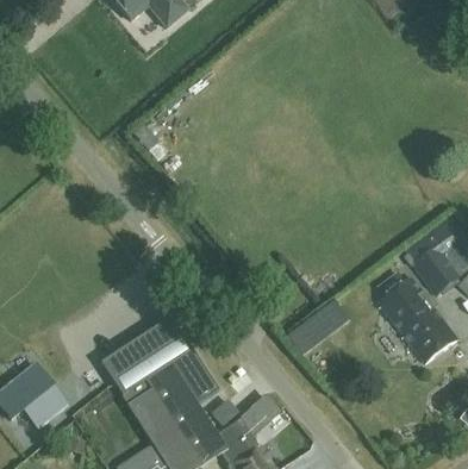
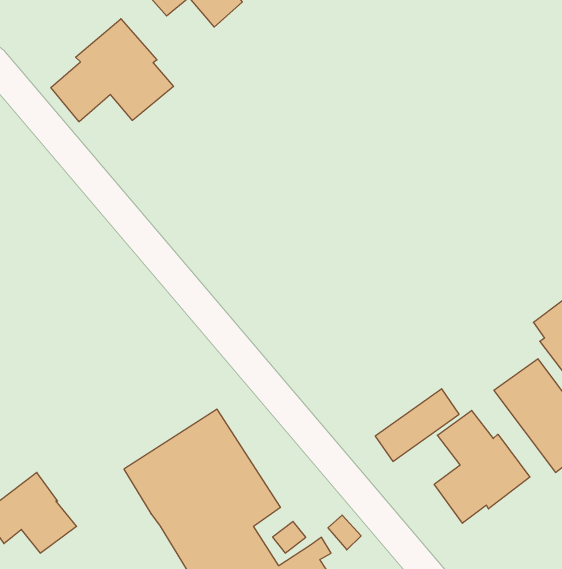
building: none -> [51,19,173,122]
building: none -> [434,410,530,523]

